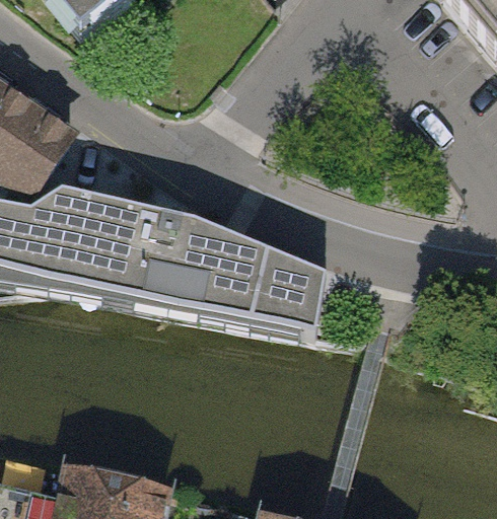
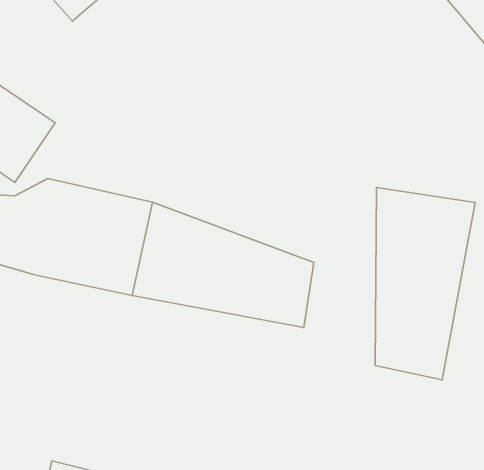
building: none -> [375,188,475,380]

